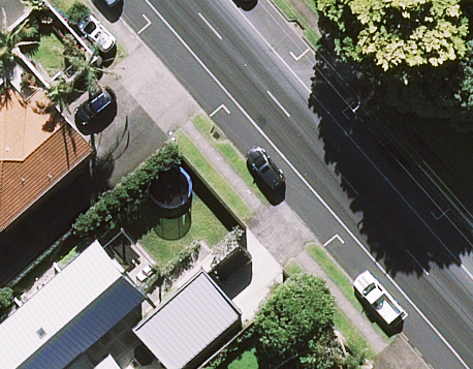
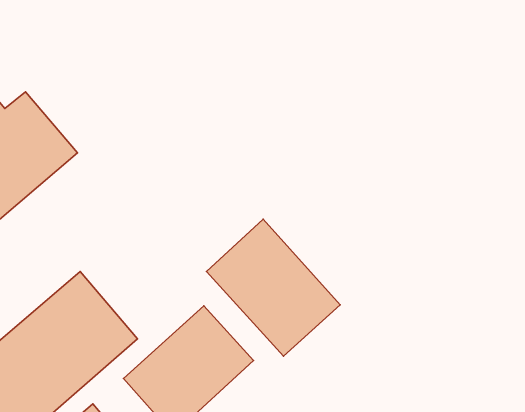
building: none -> [207,219,340,356]

